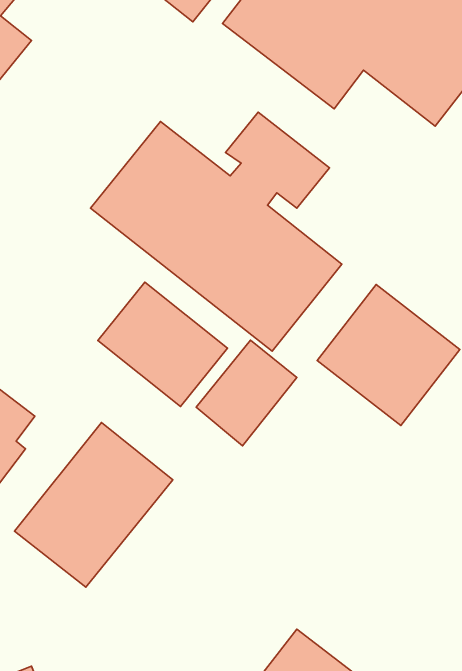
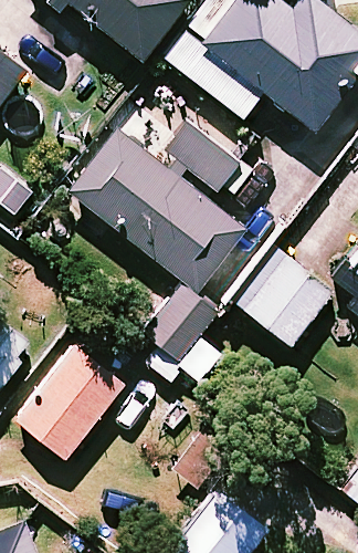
building: [98,282,227,407] -> none

